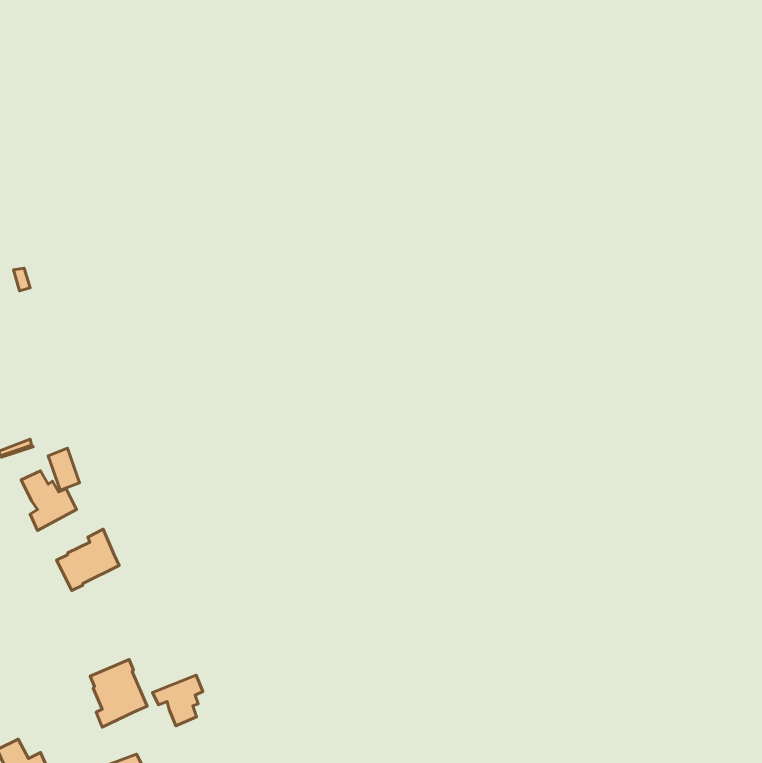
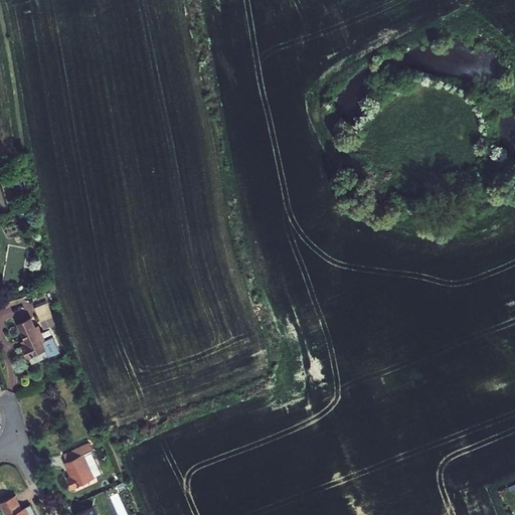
building: [57,529,119,591] -> none
building: [152,675,203,726] -> none

